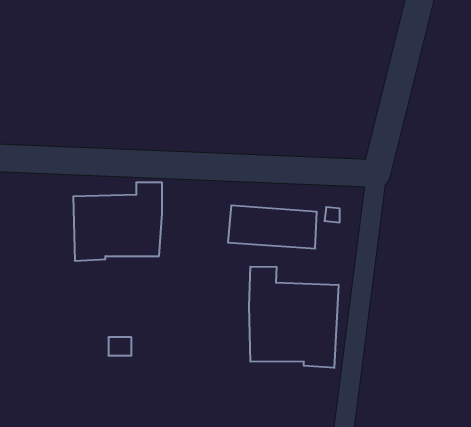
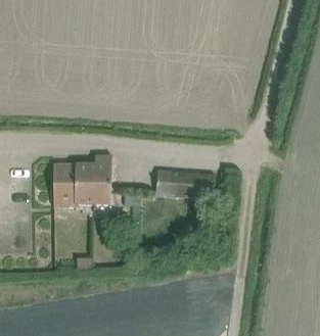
building: [249,267,338,368] -> none

